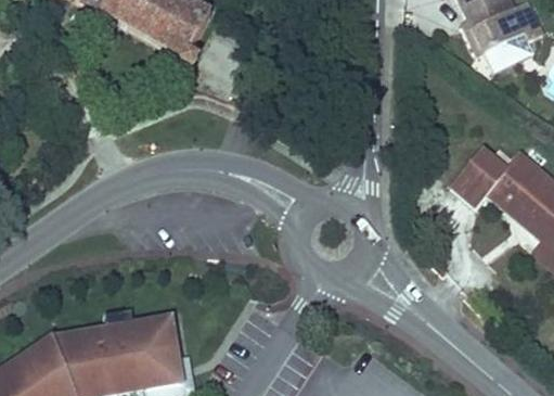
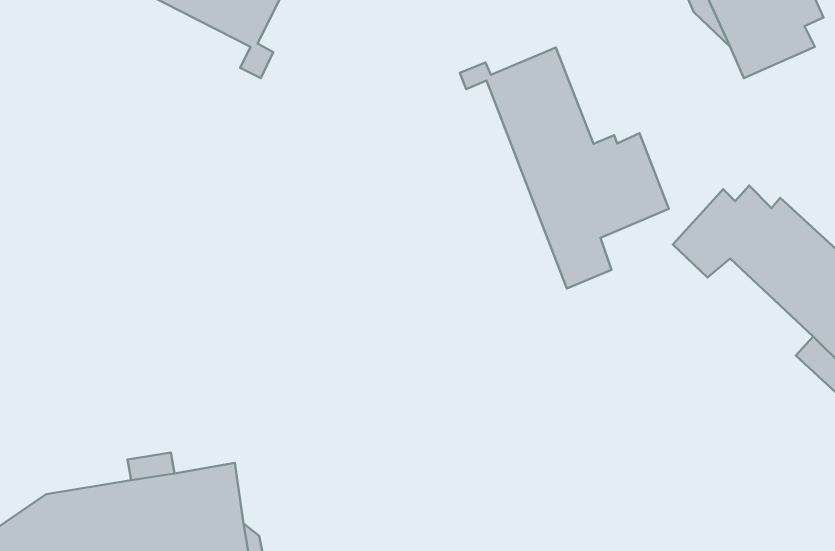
building: none -> [460,47,669,289]

